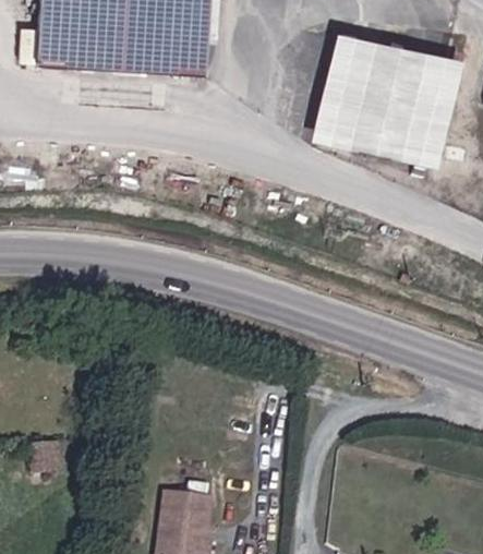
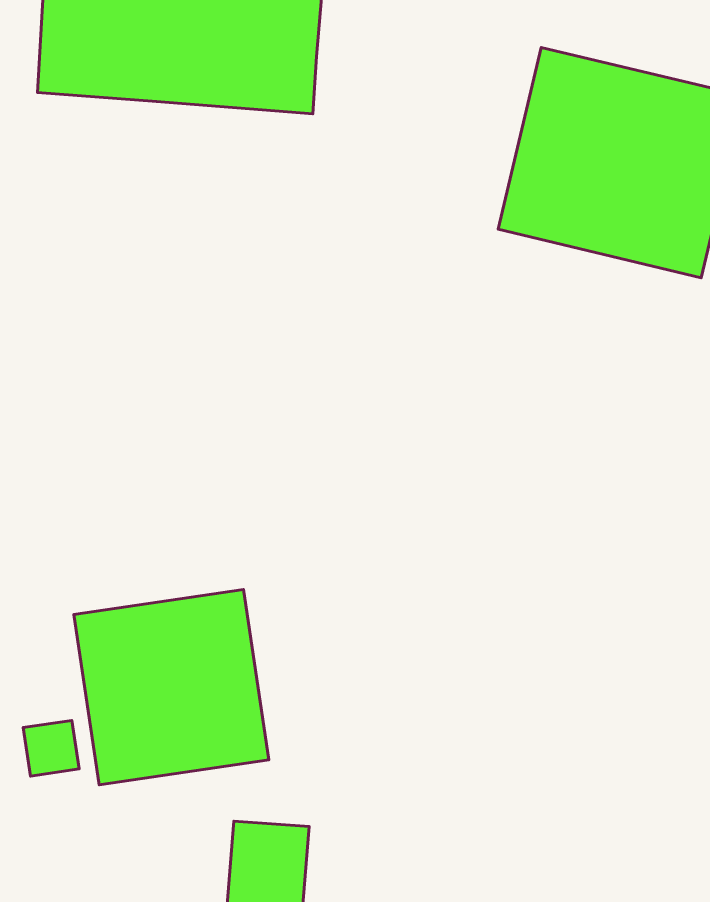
building: none -> [74,590,269,785]

